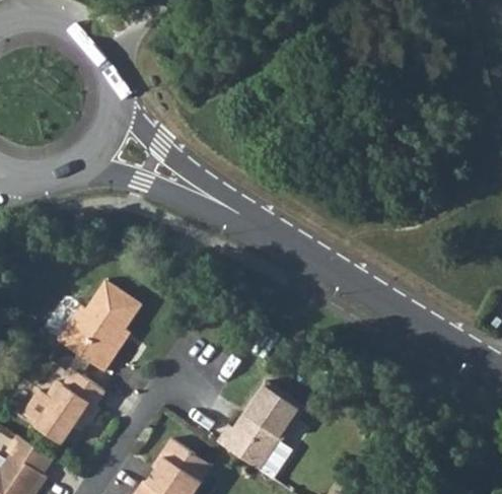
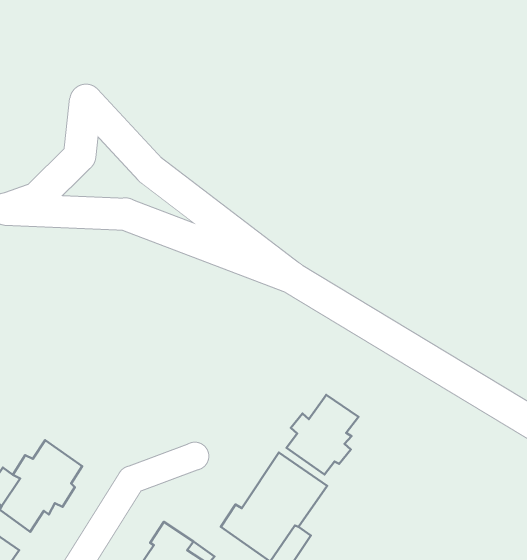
building: [59,282,141,373] -> none
building: none -> [286,395,358,474]

